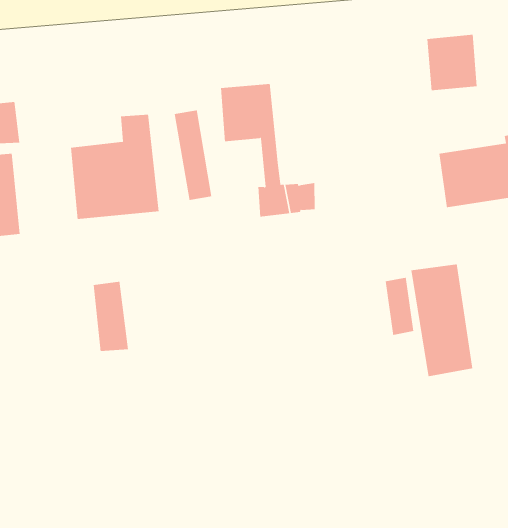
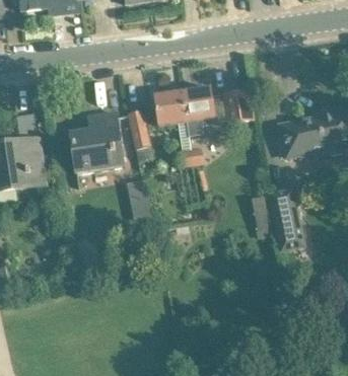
building: [427,34,478,91] -> [222,90,253,124]
building: none -> [182,87,215,136]
building: [93,281,129,351] -> [130,178,152,219]

